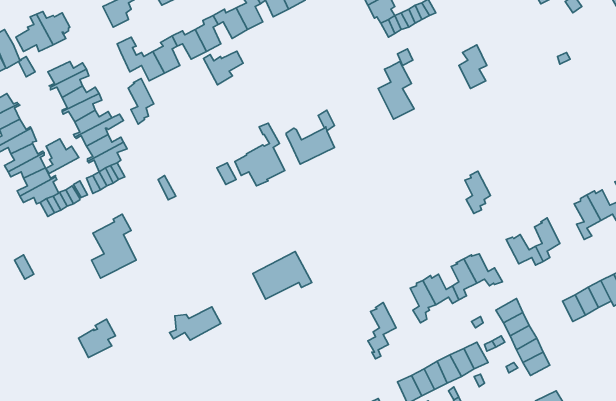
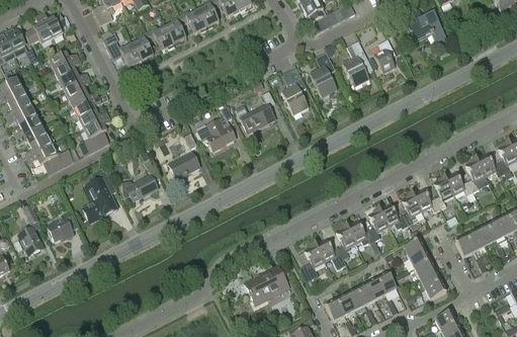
building: none -> [405,9,447,45]
building: none -> [342,40,372,87]
building: [204,51,243,85] -> none
building: [128,78,154,124] -> none
building: none -> [281,67,309,115]
building: [46,139,79,173] -> none
building: [465,171,490,214] -> [401,192,421,226]
building: none -> [169,152,200,179]
building: none -> [443,171,472,195]
building: [253,252,312,299] -> [244,266,290,304]
building: none -> [18,227,44,255]
building: none -> [314,238,346,269]
building: [170,307,221,340] -> [117,174,158,200]
building: [78,319,116,357] -> [47,210,76,241]

